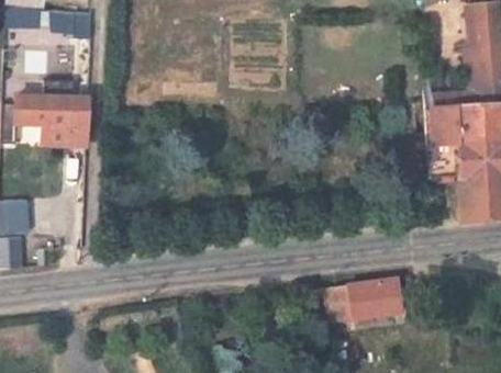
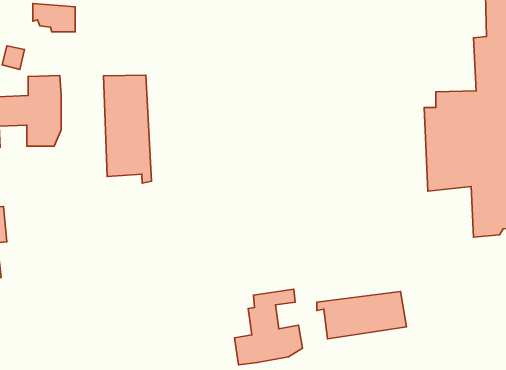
building: none -> [104,75,152,183]
building: none -> [235,289,303,365]

